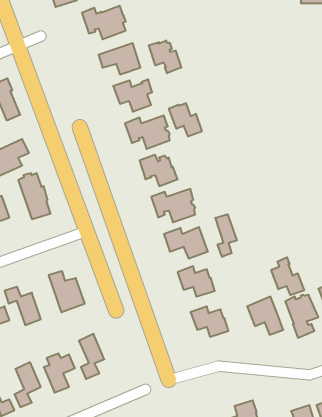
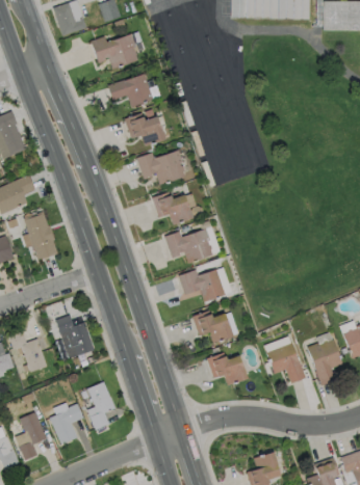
building: [149,40,181,73] -> none
building: [169,103,202,136] -> none
building: [215,214,237,257] -> none
building: [271,257,304,295] -> none

